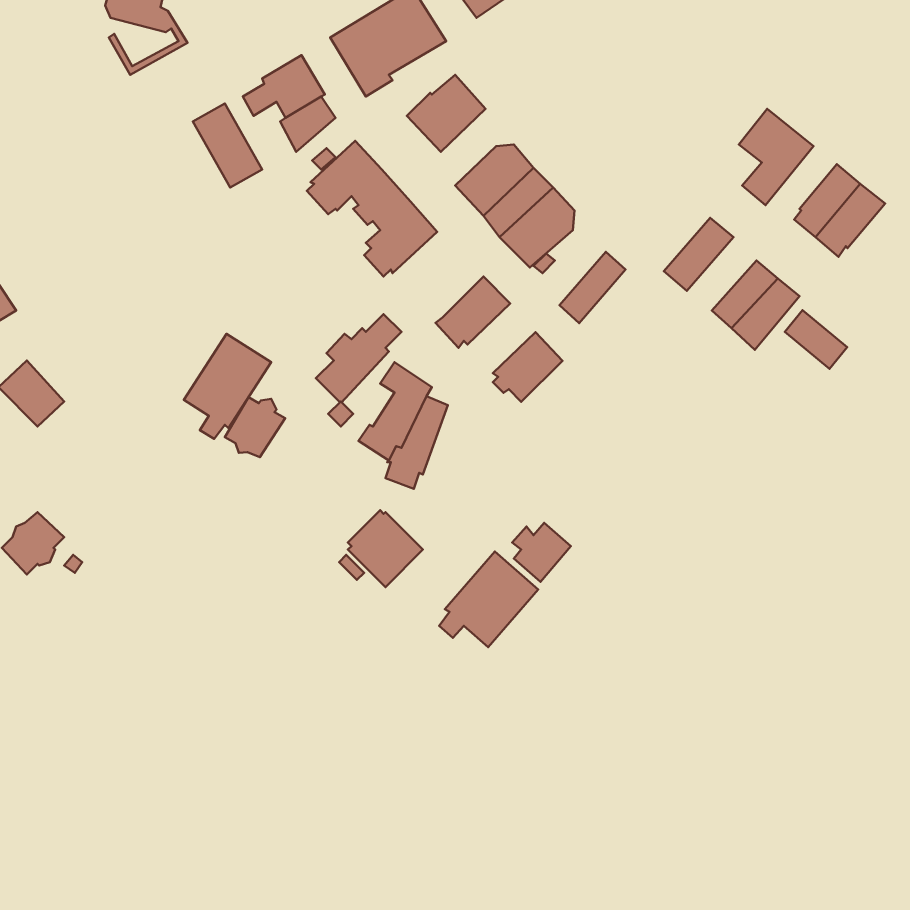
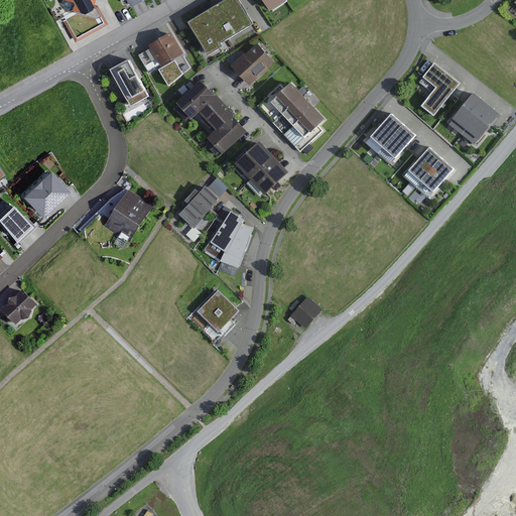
building: [560,252,626,323] -> [364,113,401,153]
building: none -> [24,169,73,217]
building: [785,310,847,369] -> none
building: [493,332,562,402] -> [234,140,273,179]
building: [225,397,285,457] -> none
building: [439,551,538,647] -> none

